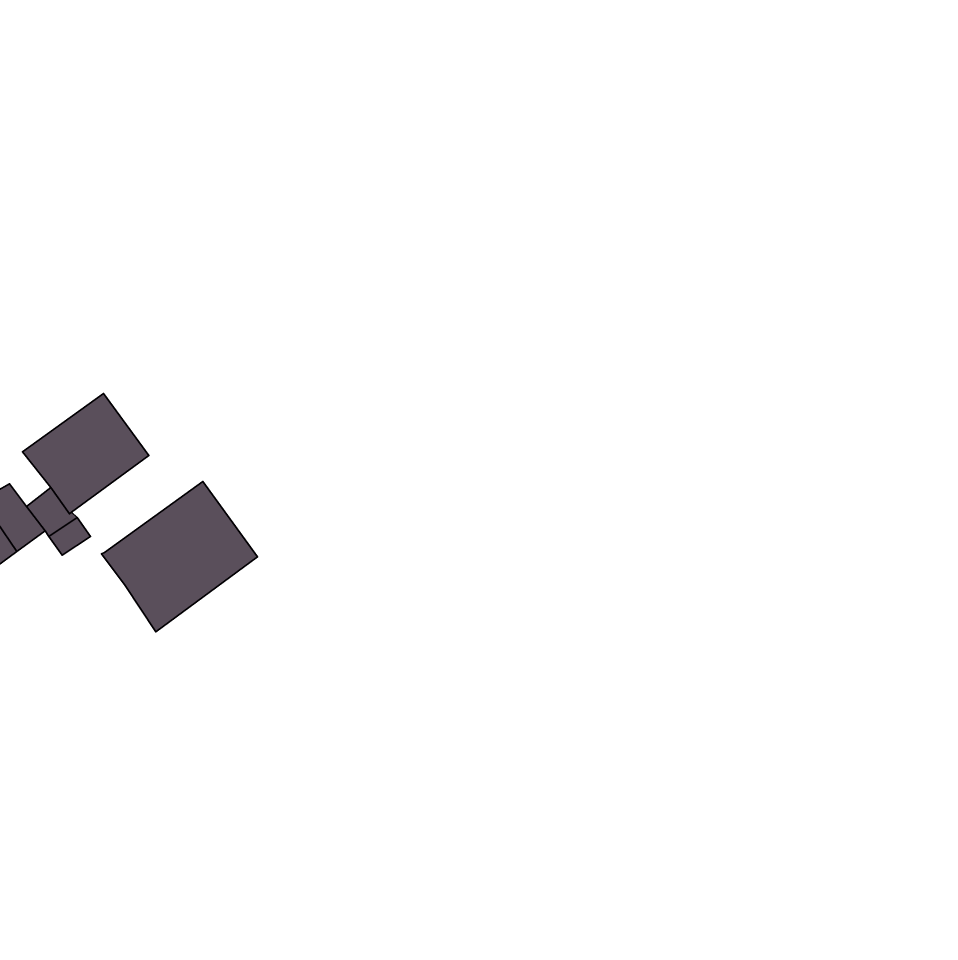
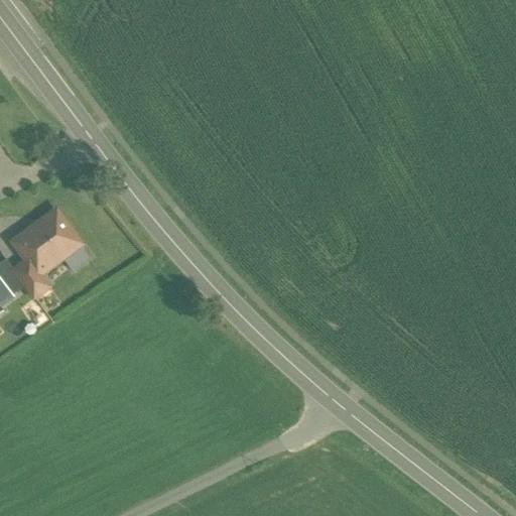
building: [102,481,258,632] -> none

